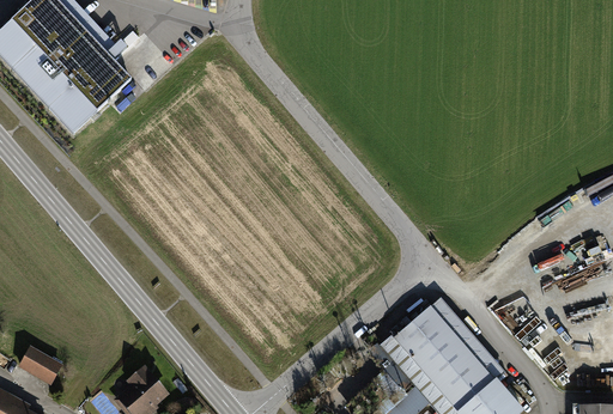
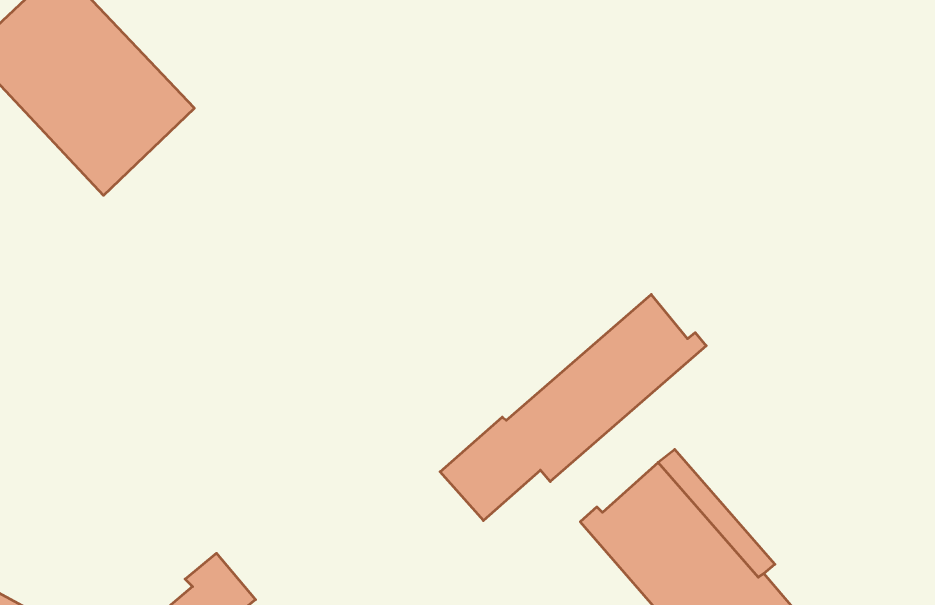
building: none -> [440,294,706,521]
building: [19,346,61,383] -> none

